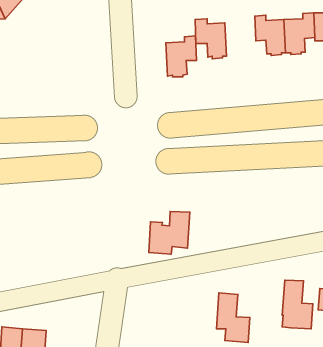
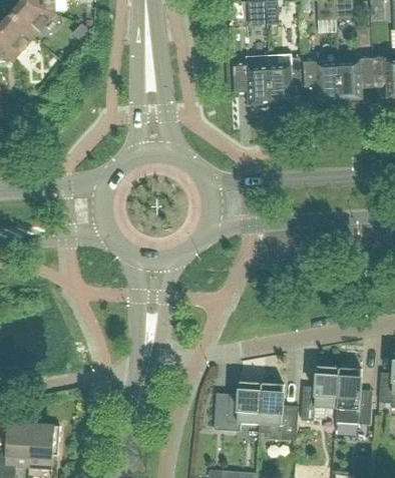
building: [166,36,196,77] -> [269,57,305,105]
building: [149,211,190,254] -> [214,381,262,431]
building: none -> [301,365,339,420]

